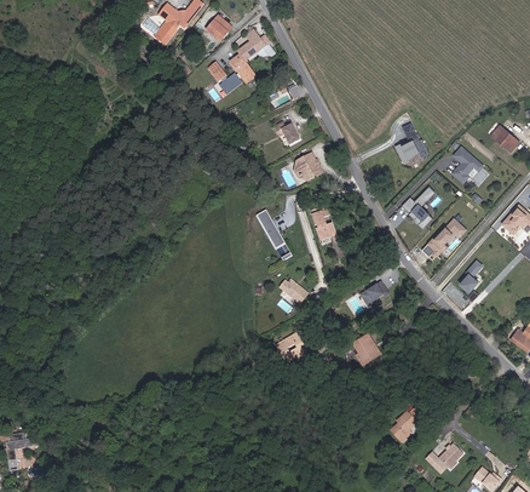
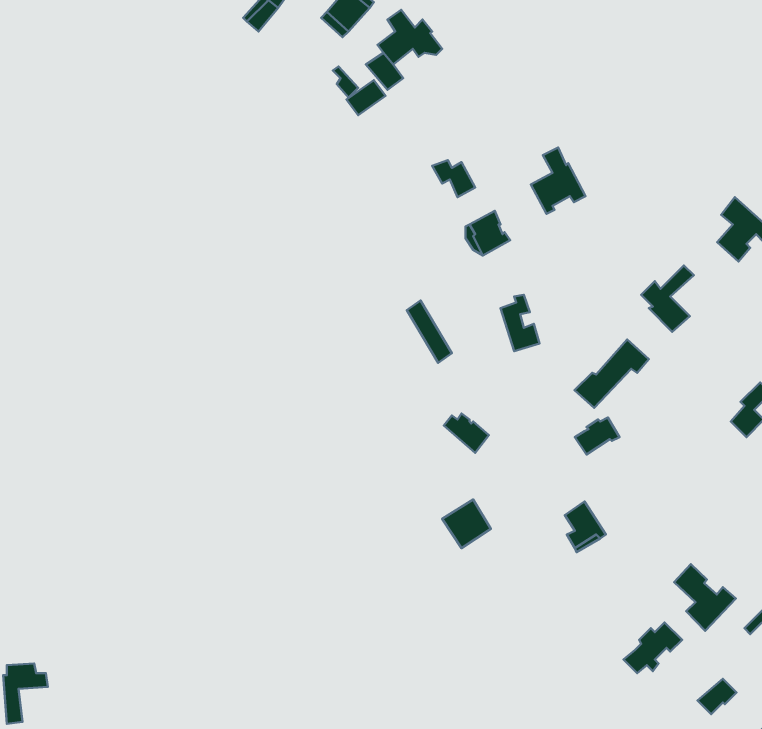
building: [393,122,427,164] -> [531,147,586,214]
building: [420,217,466,259] -> [575,340,649,408]
building: none -> [674,564,736,631]

